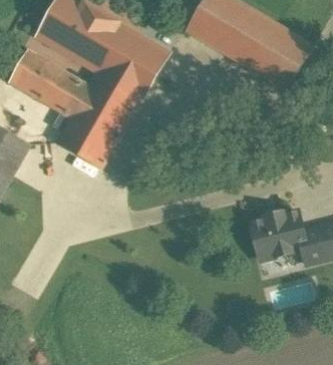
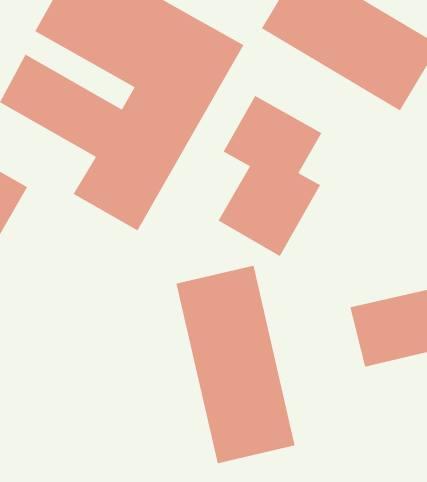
building: none -> [217,95,322,257]
building: none -> [176,265,295,464]

